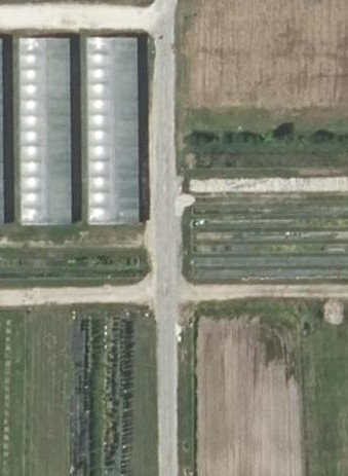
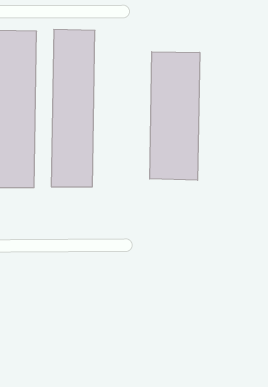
building: none -> [150,52,200,180]

